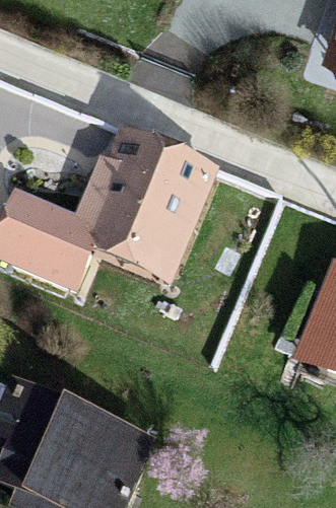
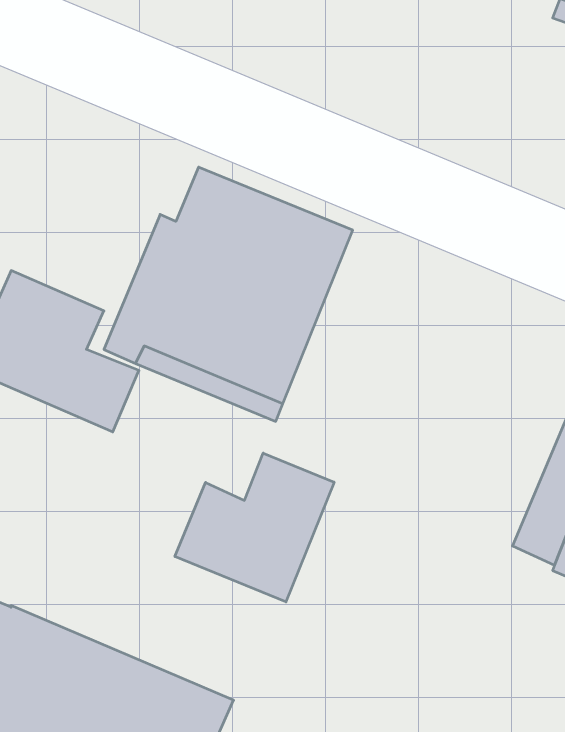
building: none -> [175,453,334,602]

